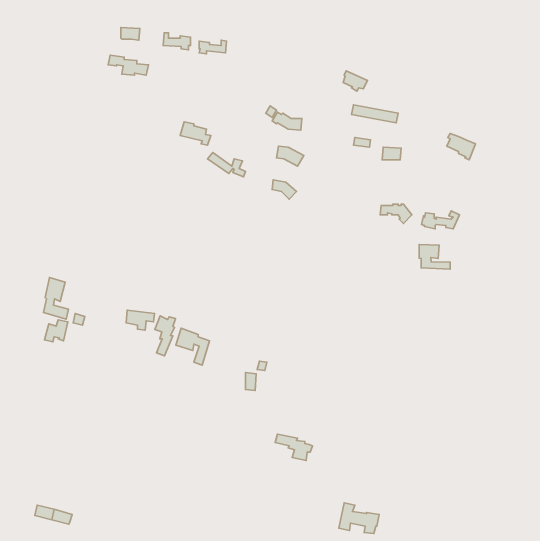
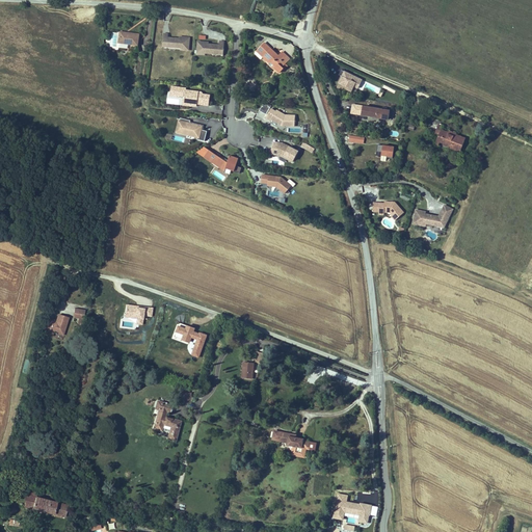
building: none -> [258,42,290,71]
building: [108,55,148,75] -> [171,85,211,105]
building: [419,244,450,269] -> none
building: [44,278,68,319] -> none
building: [155,316,176,356] -> none
building: none -> [152,401,179,441]

